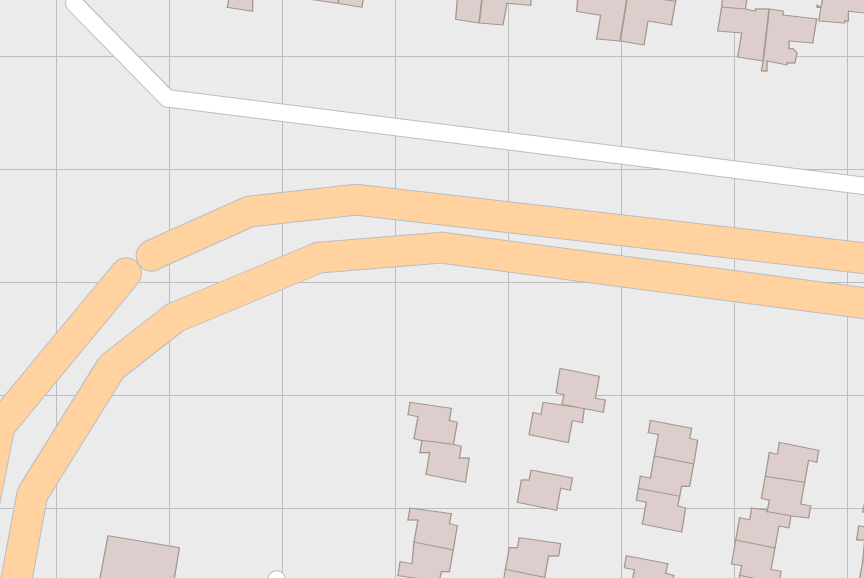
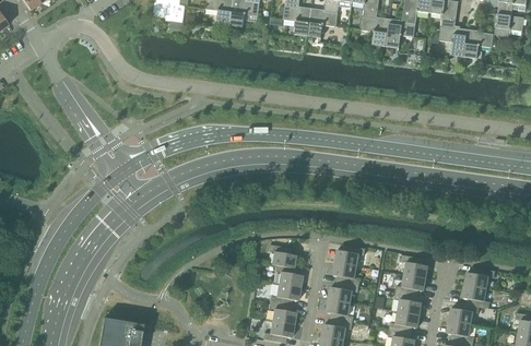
building: [556,369,606,412] -> [333,262,361,286]
building: none -> [270,284,300,306]
building: none -> [327,299,354,322]
building: none -> [389,311,420,333]

